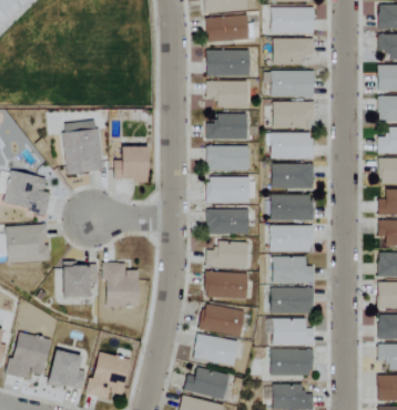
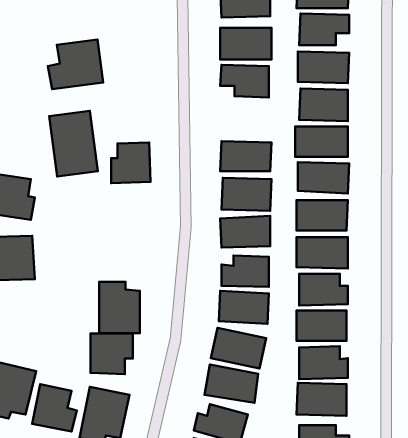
building: none -> [48,39,103,89]
building: [206,113,247,140] -> none
building: [62,264,98,298] -> [91,333,133,374]

